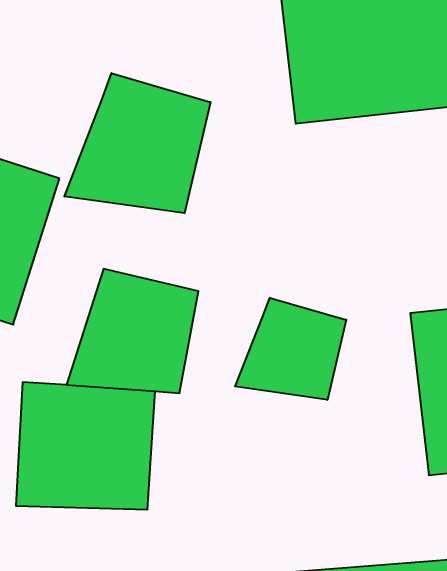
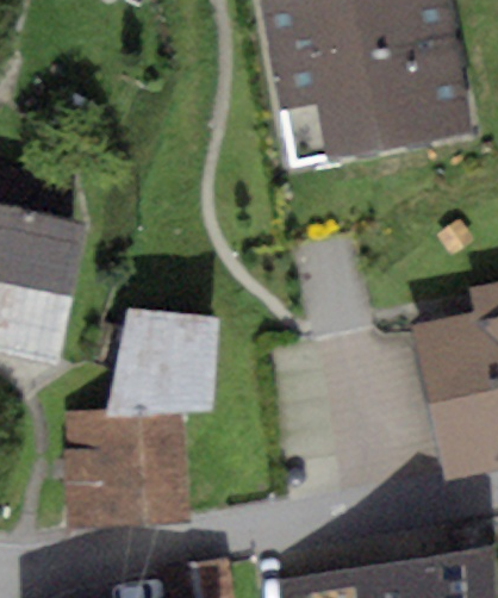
building: [64,73,211,213] -> none
building: [235,298,346,400] -> none

